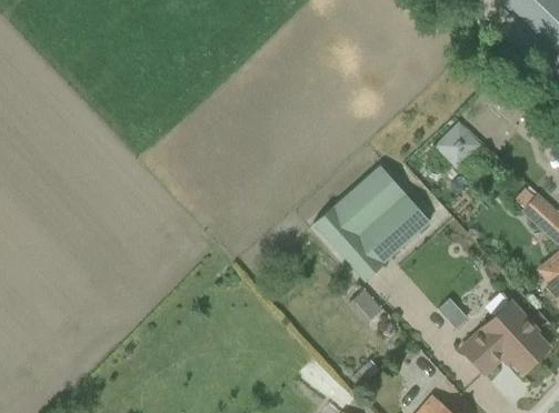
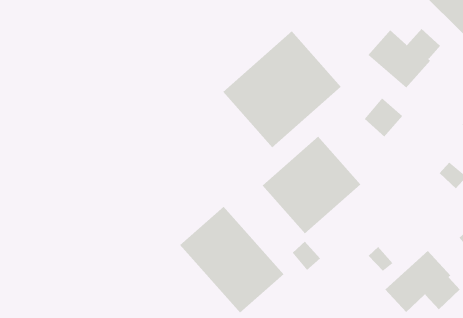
building: none -> [368,28,441,89]
building: none -> [222,31,341,148]
building: none -> [179,206,284,314]

